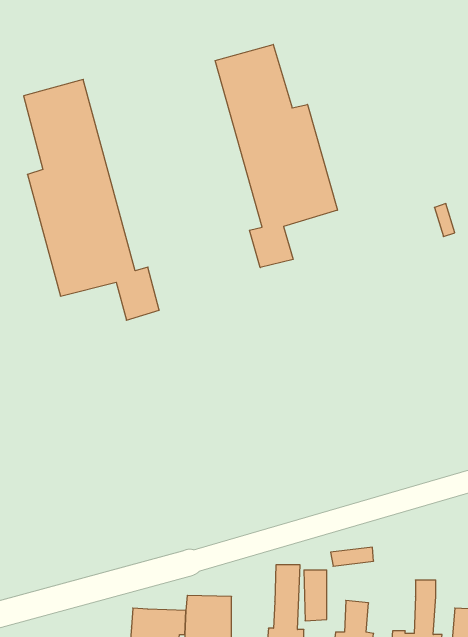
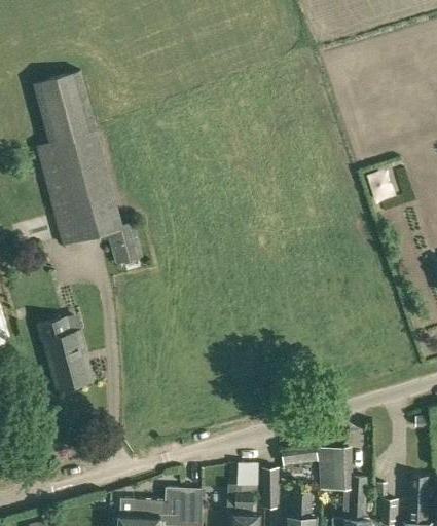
building: [215,44,337,268] -> none
building: none -> [39,318,93,390]
building: none -> [319,448,348,492]

